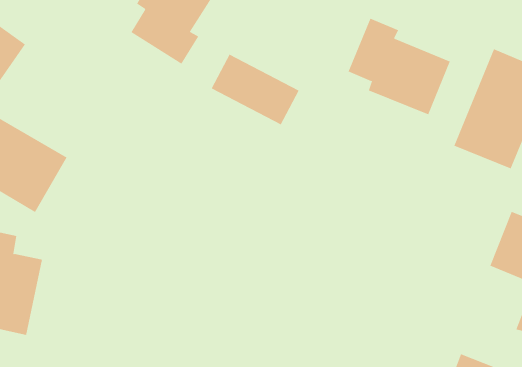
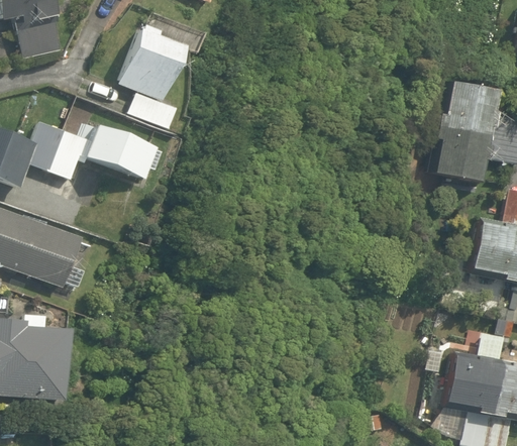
building: [348,18,451,115] -> none
building: none -> [32,123,80,176]
building: [211,54,299,125] -> [92,127,171,183]

